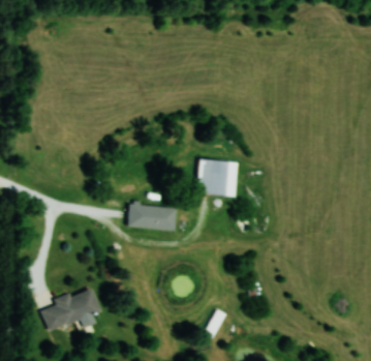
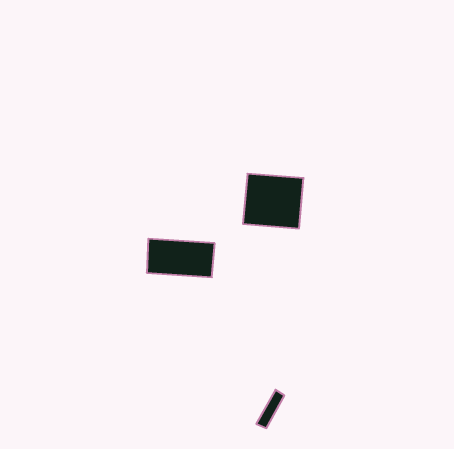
building: [40,287,100,330] -> none

